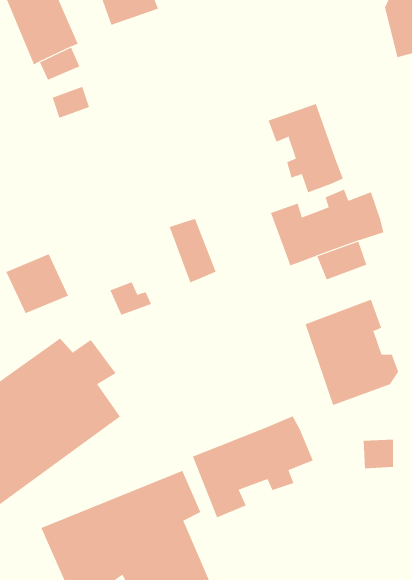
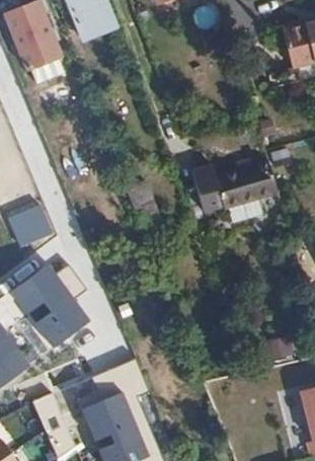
building: [268,103,343,193] -> none
building: [305,299,399,406] -> none
building: [192,415,314,518] -> none

